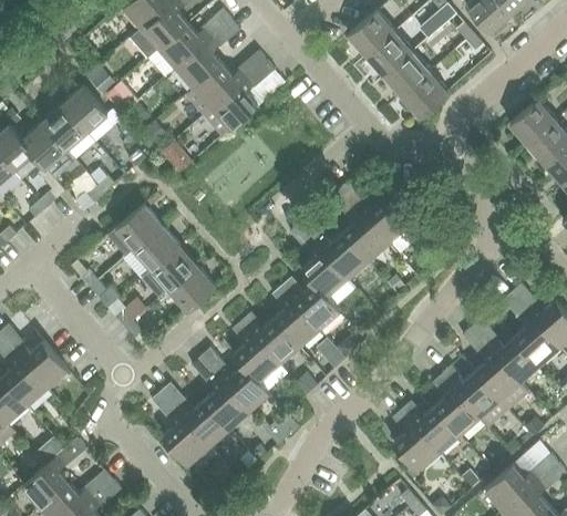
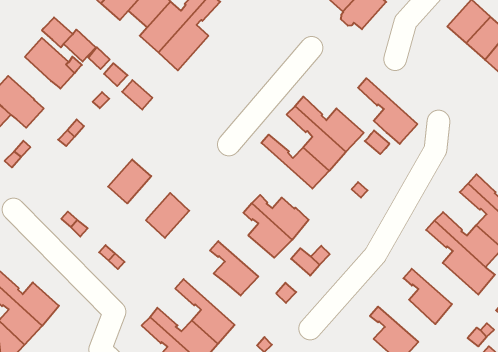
building: [43,104,87,149] -> none
building: [109,204,163,257] -> none
building: [290,224,348,297] -> [358,78,417,144]
building: [144,245,198,297] -> none
building: [243,312,299,363] -> none
building: [202,348,269,411] -> none
building: [442,365,508,426] -> none
building: [402,401,460,452] -> none

